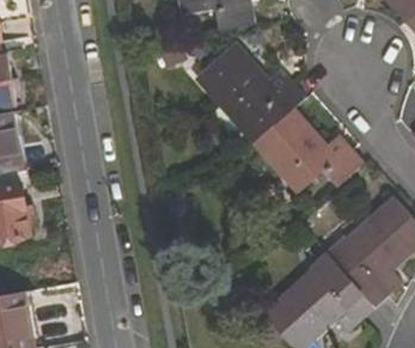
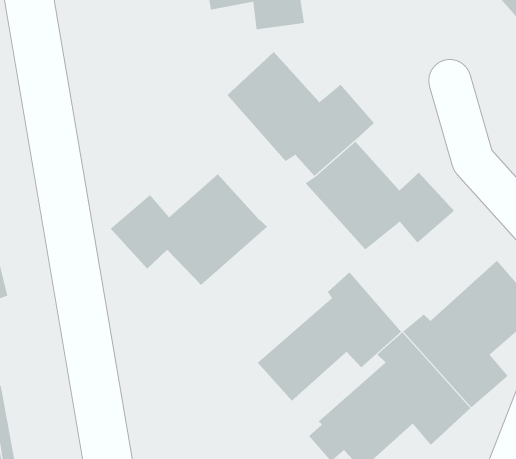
building: none -> [110,173,268,286]
building: none -> [257,271,402,401]

